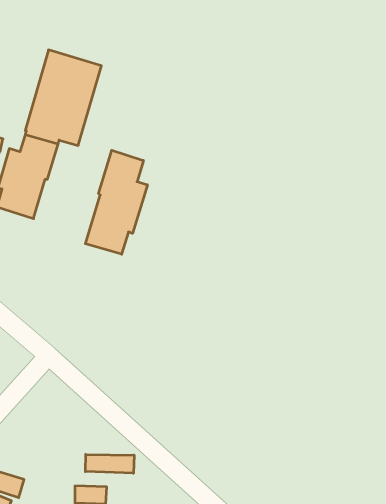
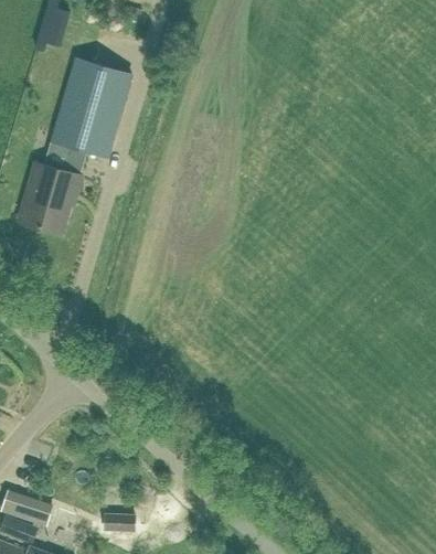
building: [85,150,147,254] -> none
building: [85,454,134,473] -> none

